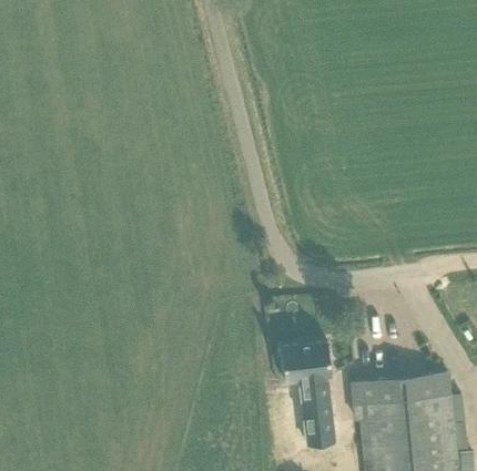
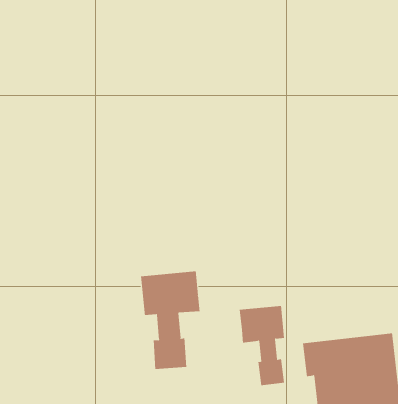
building: none -> [141,271,200,370]

